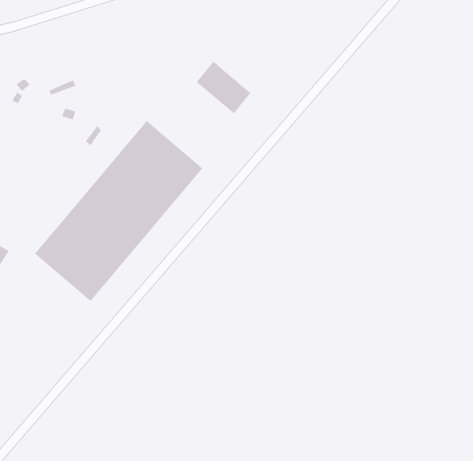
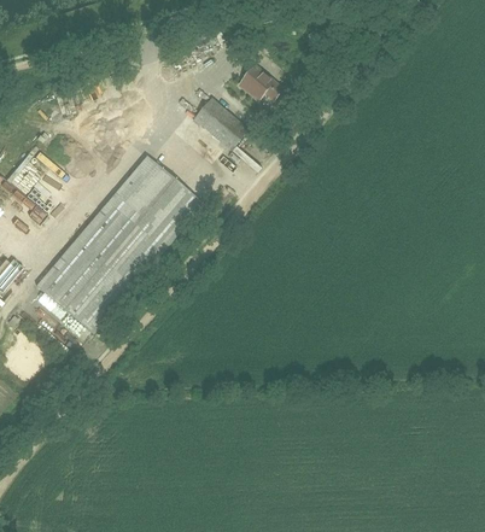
building: none -> [238,65,281,100]

